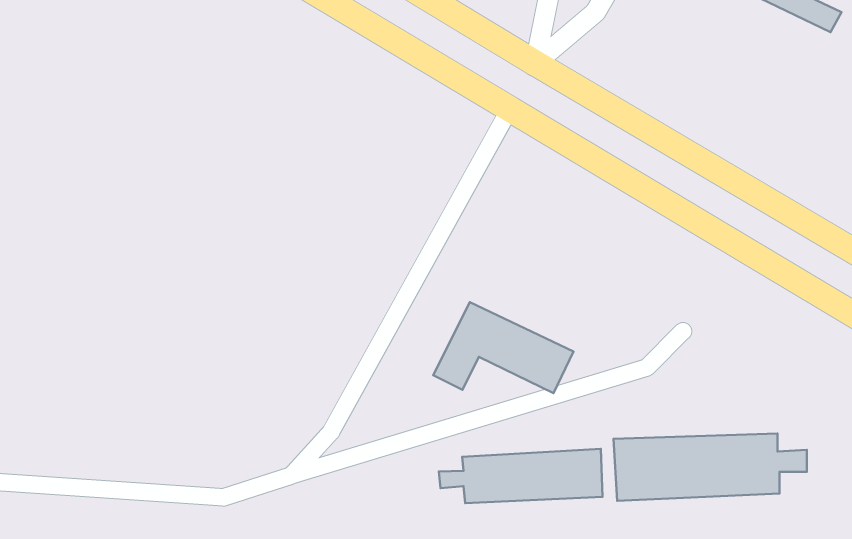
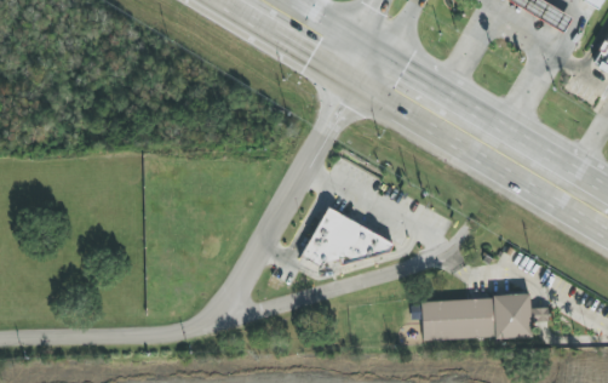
building: [439,449,602,503] -> none

